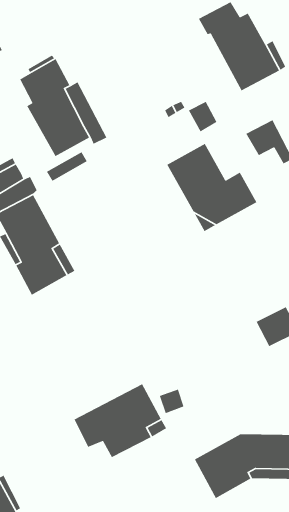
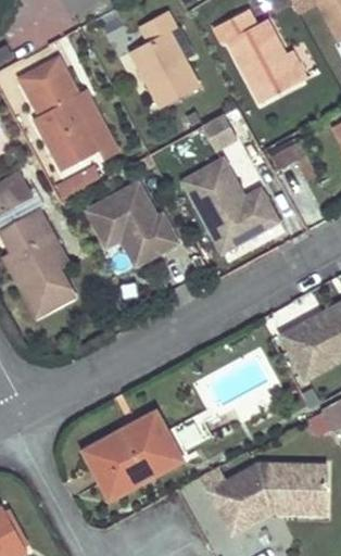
building: none -> [131,10,199,108]
building: none -> [84,180,177,264]

